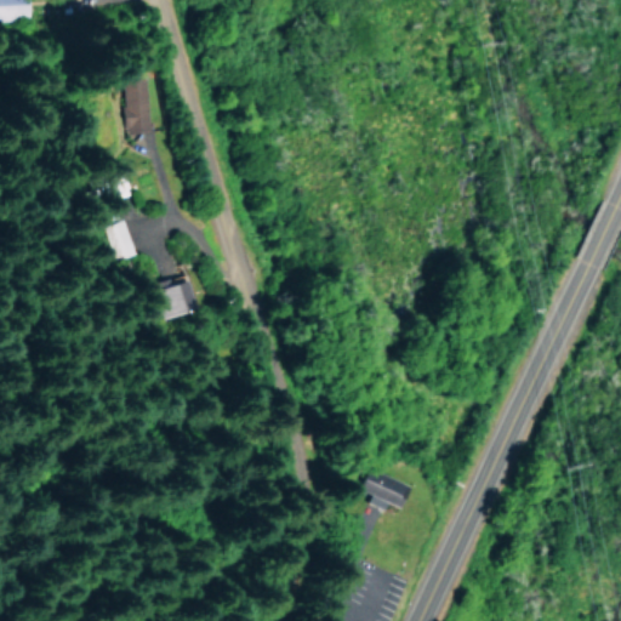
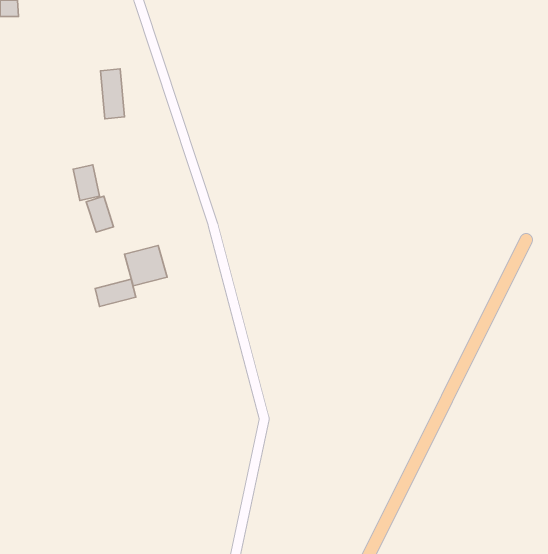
building: none -> [95,279,136,307]
building: [365,472,414,511] -> none

